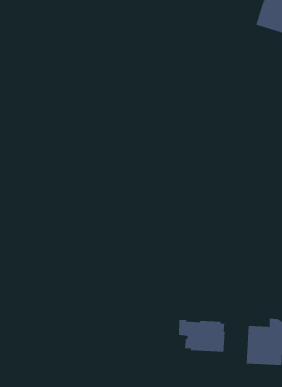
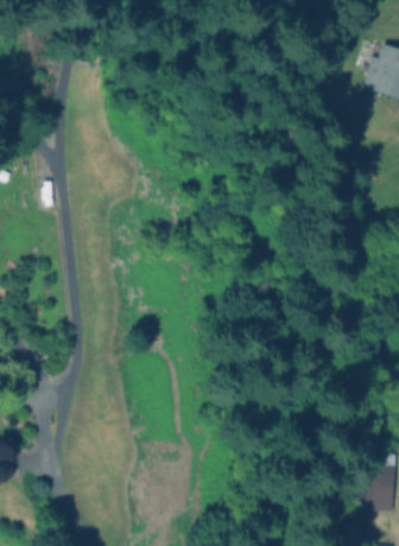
building: [179,319,225,353] -> none

